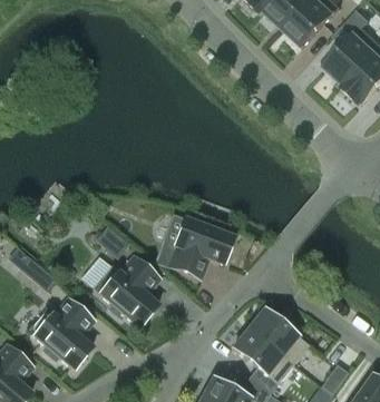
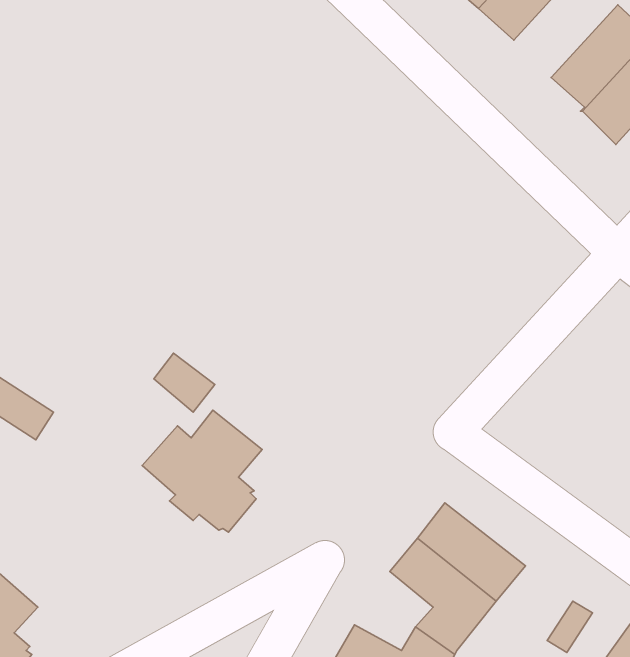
building: [170,217,234,276] -> none
building: [28,297,95,366] -> none

